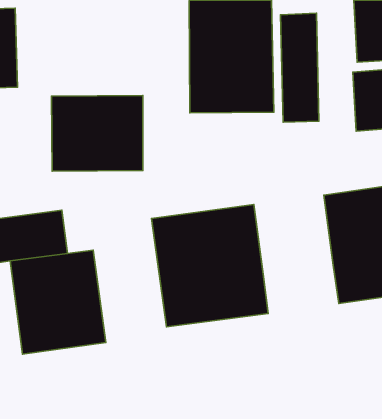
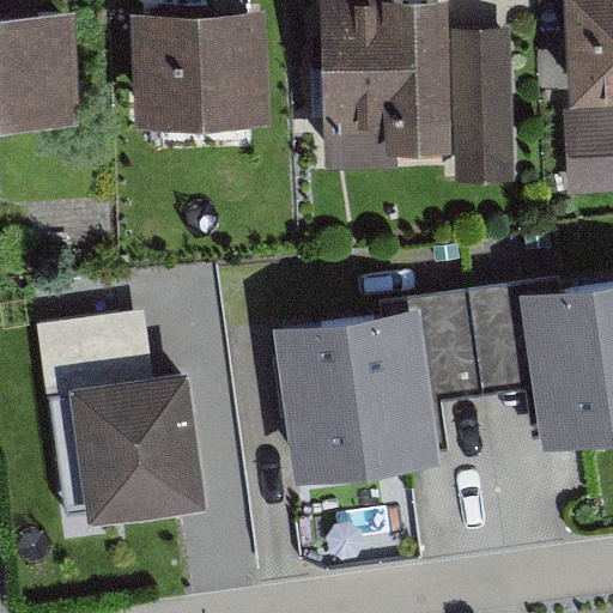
building: [51,95,143,171] -> [136,20,268,129]
building: none -> [419,289,533,402]

